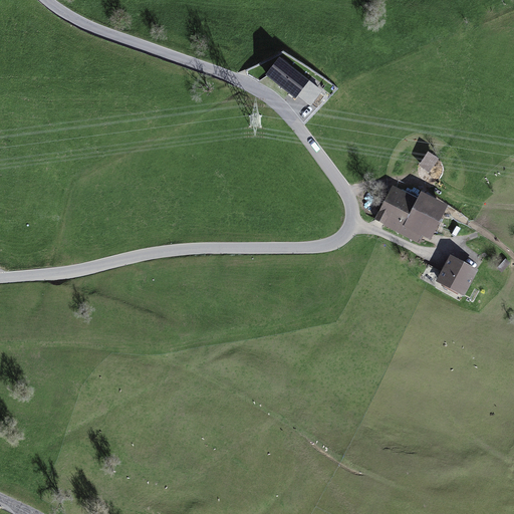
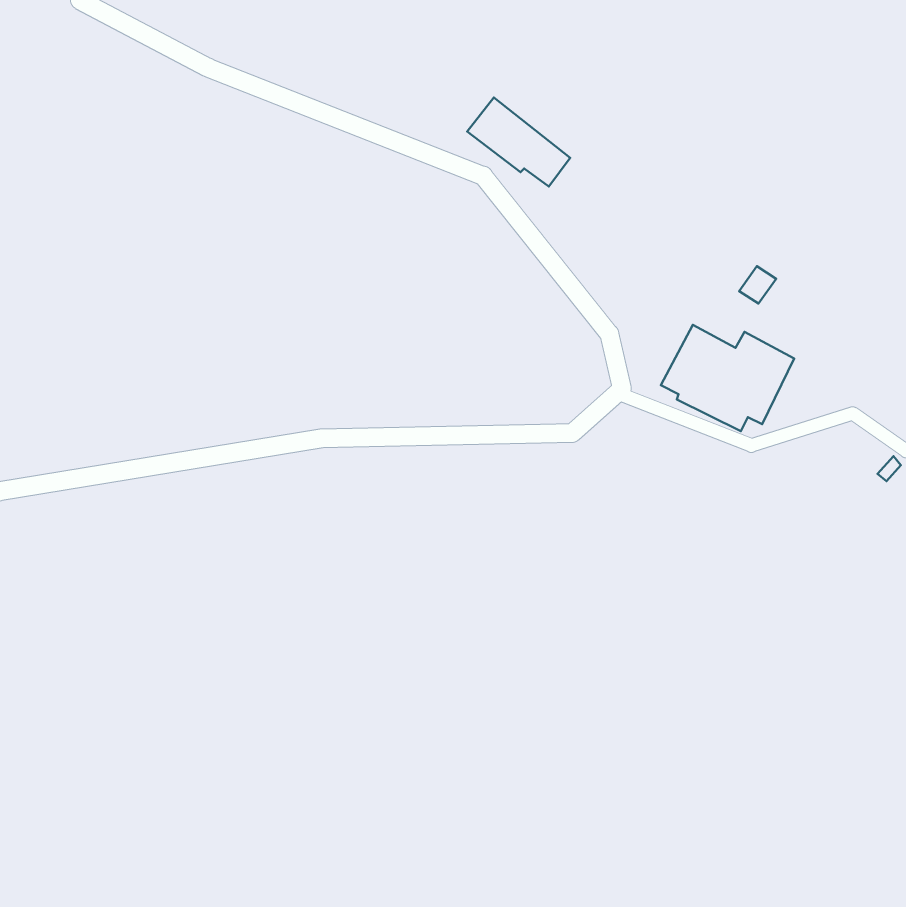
building: [435,254,478,296] -> none

